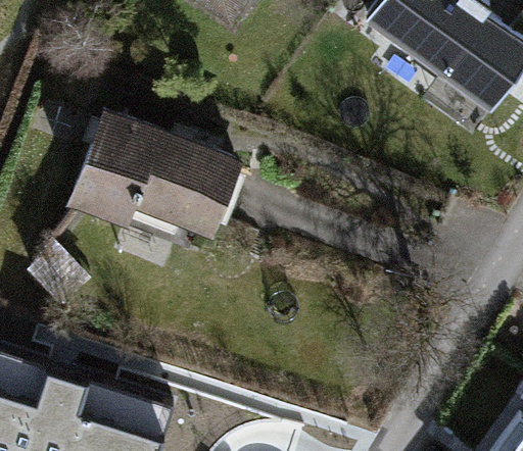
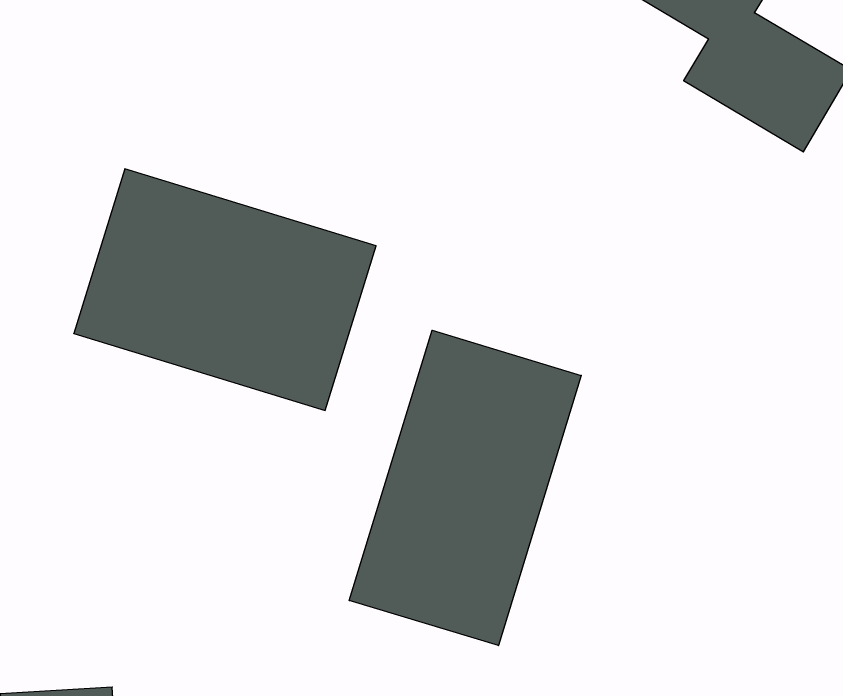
building: none -> [349,330,581,646]

